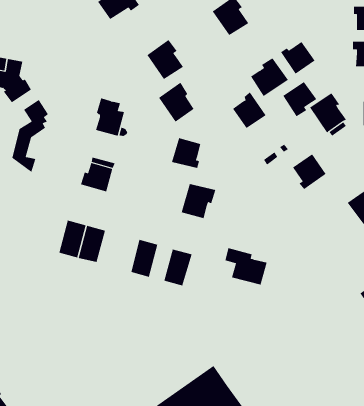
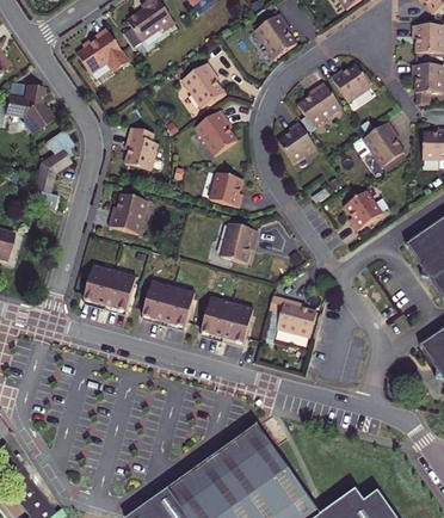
building: none -> [76,27,129,73]
building: [282,81,317,117] -> none
building: none -> [142,278,173,321]
building: none -> [222,301,253,343]

